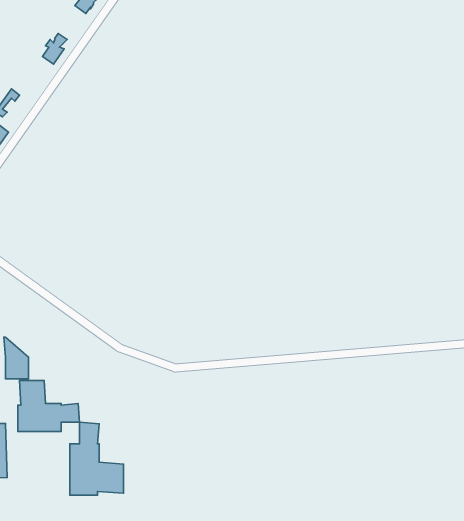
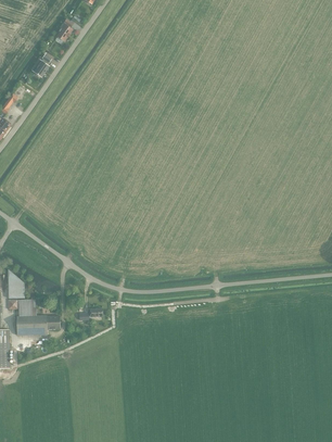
building: [70,422,124,495] -> none

